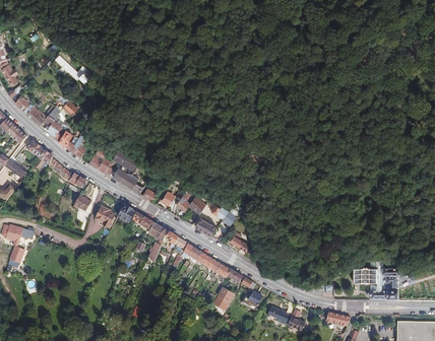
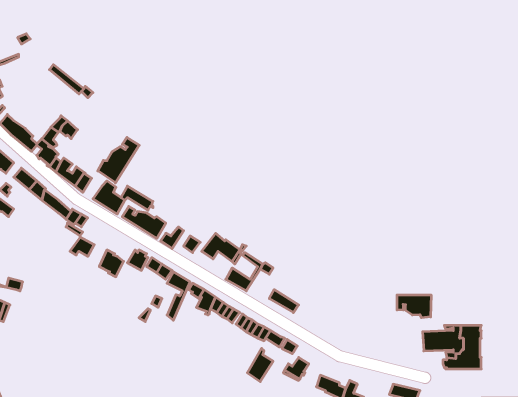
building: none -> [98,137,139,183]
building: none -> [397,295,431,318]

